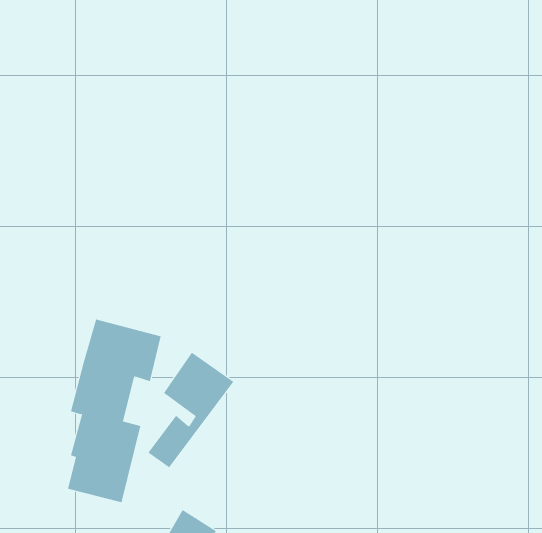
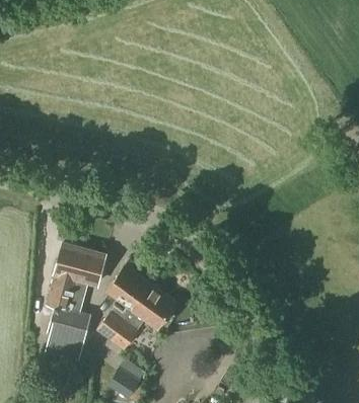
building: none -> [110,285,176,350]

